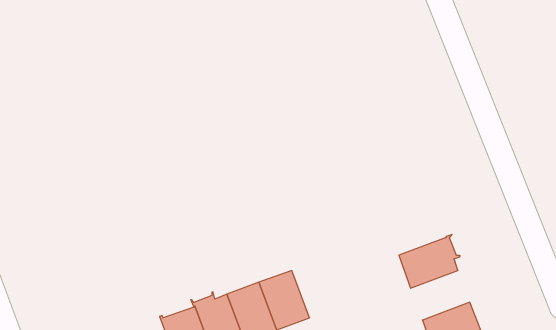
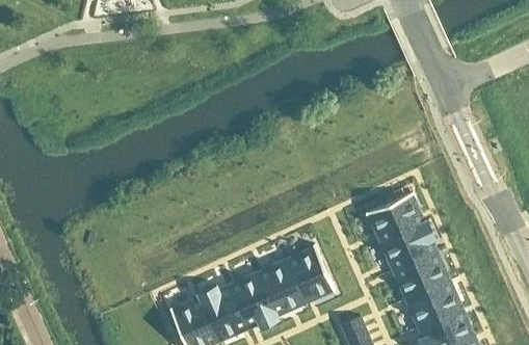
building: none -> [366,192,423,241]
building: none -> [286,245,335,302]
building: none -> [394,251,448,298]

